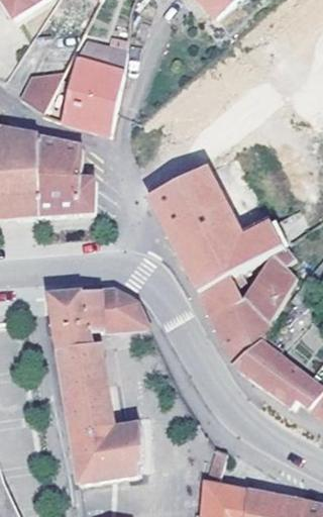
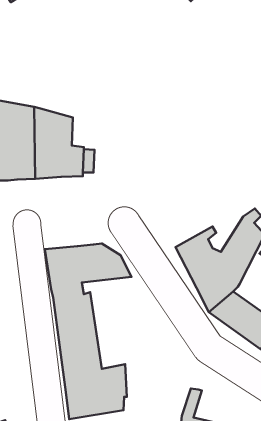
building: [63,41,125,134] -> none
building: [18,71,63,113] -> none
building: [148,166,283,292] -> none

